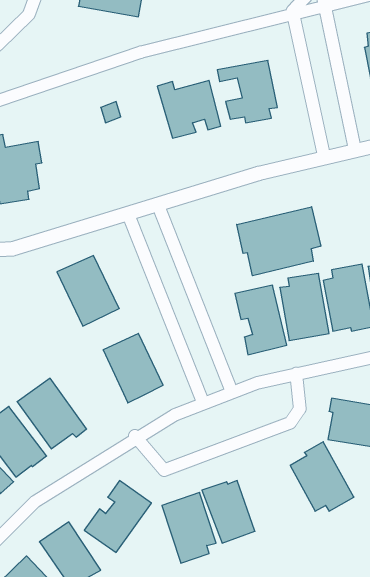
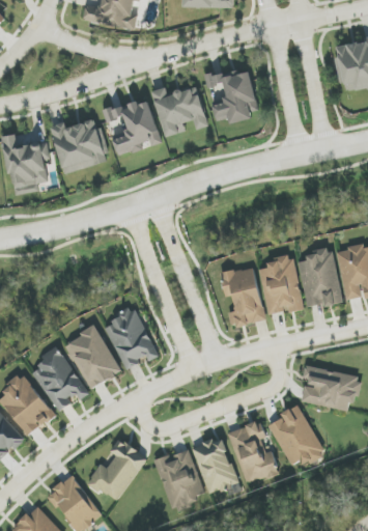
building: none -> [111,97,162,155]
building: none -> [51,118,108,172]
building: [237,207,321,276] -> none
building: [57,256,119,326] -> [65,326,120,388]
building: none -> [227,420,278,483]

